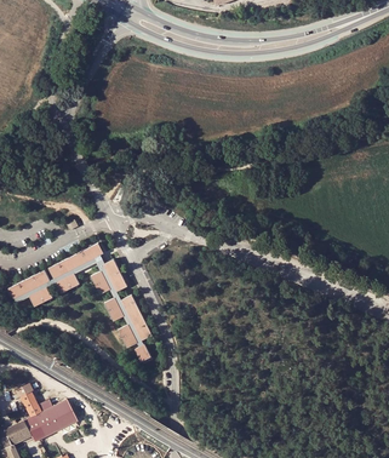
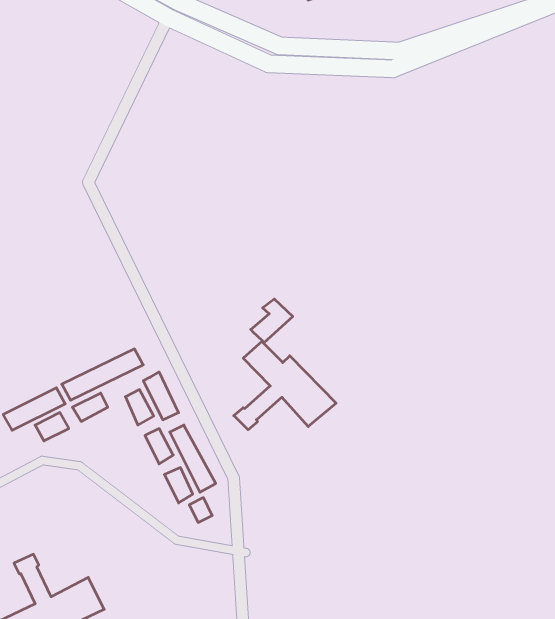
building: none -> [234,299,336,430]

